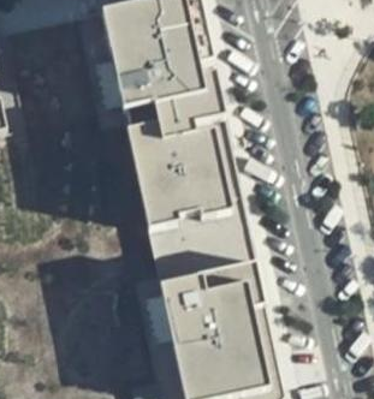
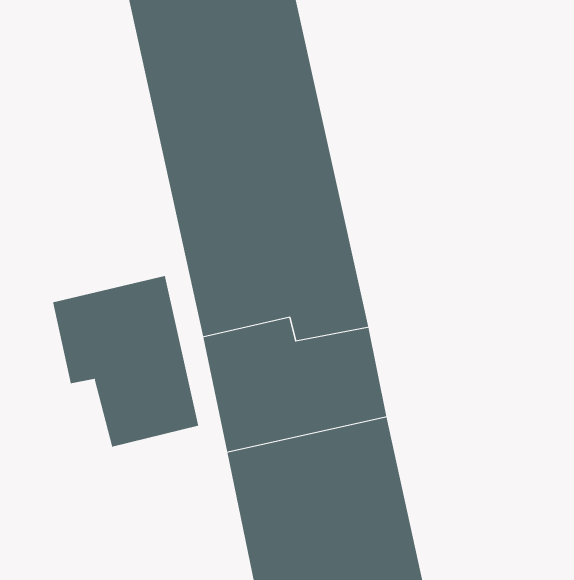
building: none -> [53,275,199,447]

